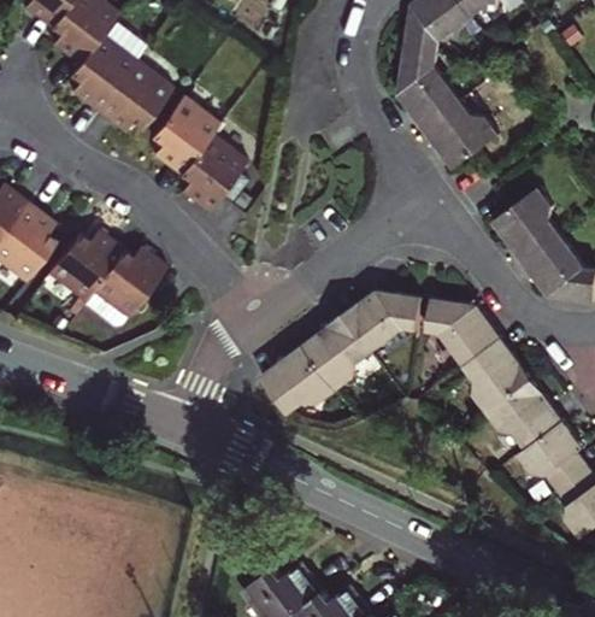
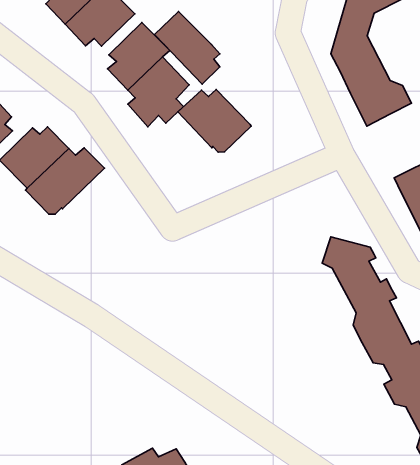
building: none -> [154,11,220,84]
building: none -> [178,90,251,152]
building: [259,289,422,413] -> none

